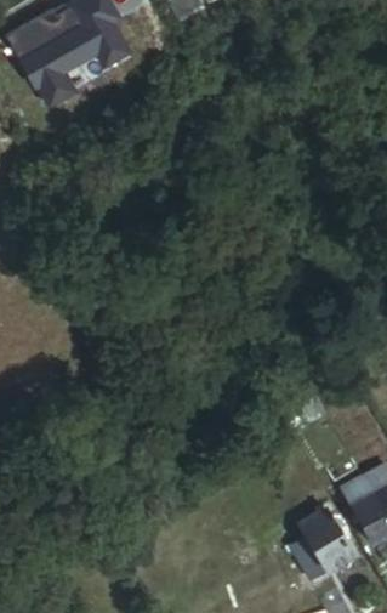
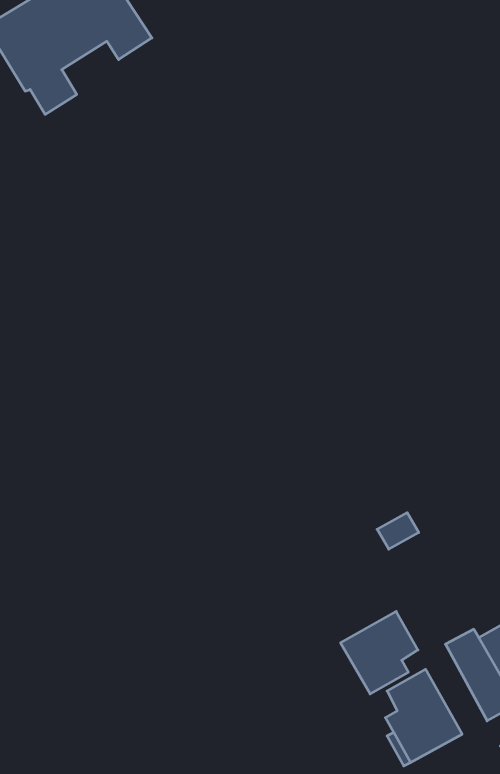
building: none -> [341,611,418,694]

